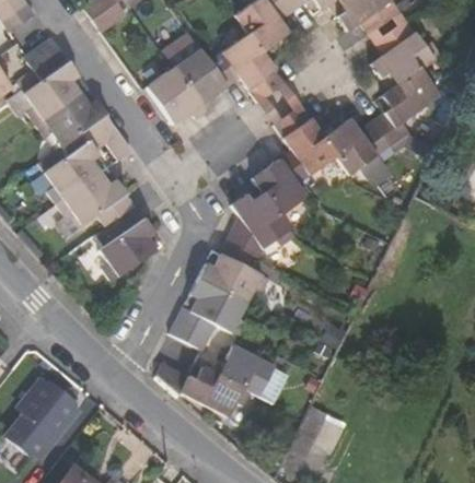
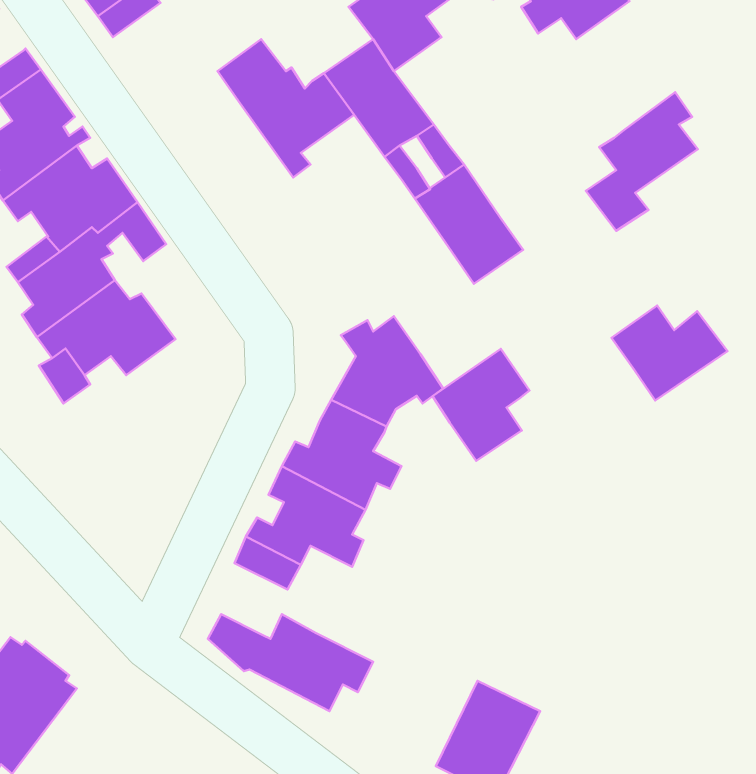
building: [370,20,441,85] -> none
building: [148,70,205,125] -> none
building: [324,117,391,172] -> [612,305,727,400]
building: [253,150,309,214] -> [433,349,529,461]
building: [101,205,159,281] -> none
building: [218,346,288,402] -> none

